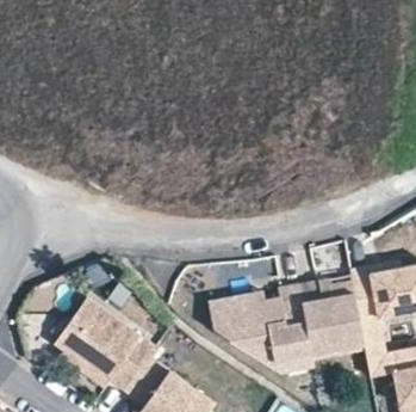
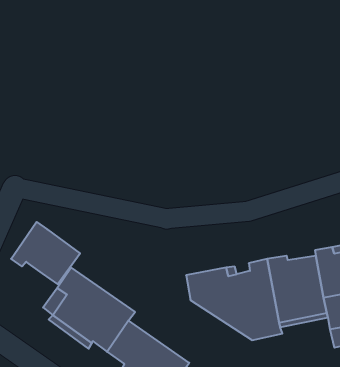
building: none -> [11,222,80,284]

